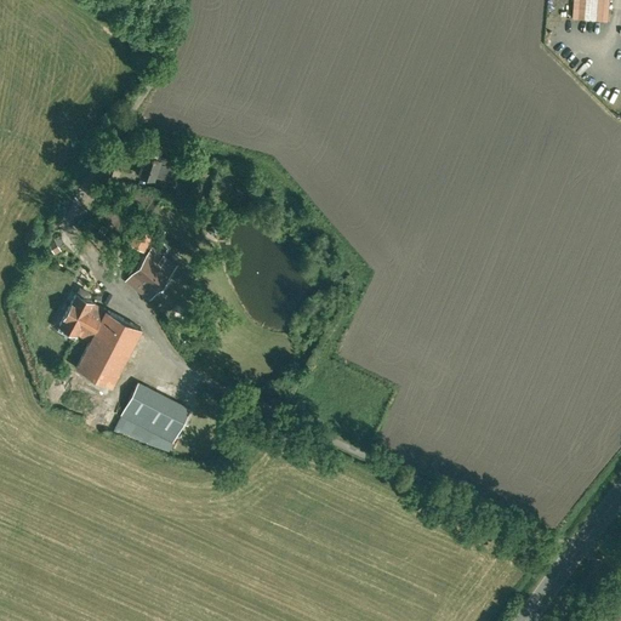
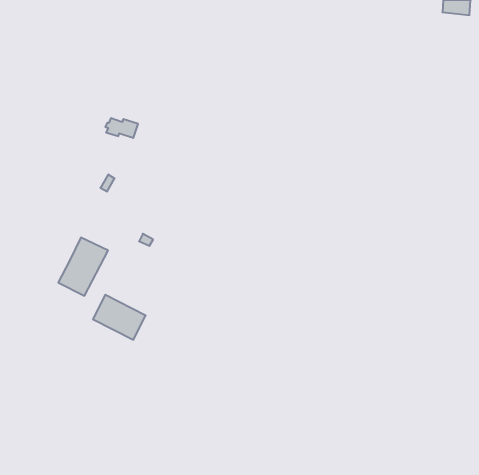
building: [126,252,173,301] -> none
building: [57,291,104,343] -> none

